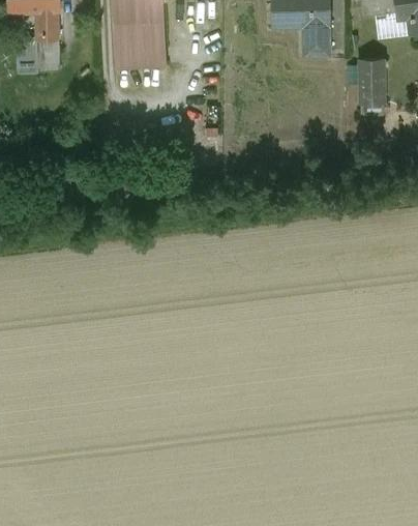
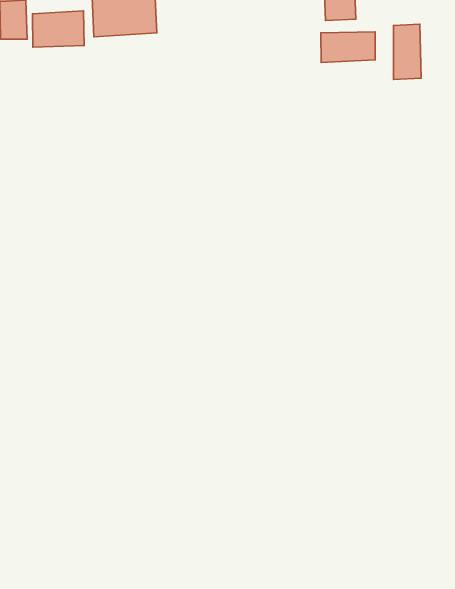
building: none -> [32,11,84,47]
building: none -> [321,32,375,62]

